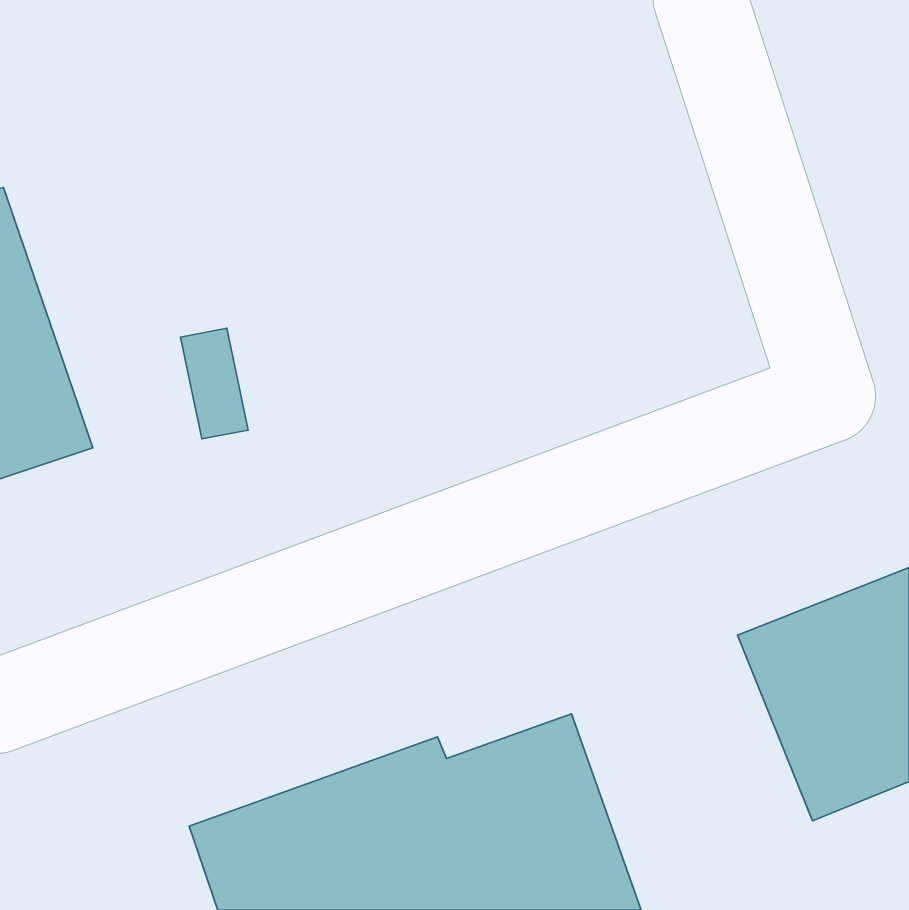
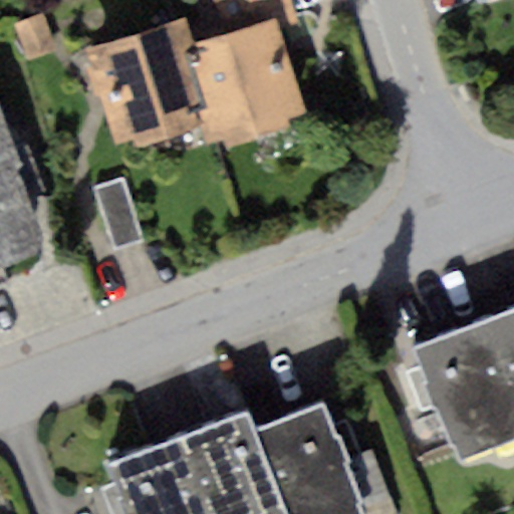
building: none -> [197,19,306,146]
building: none -> [83,28,199,149]

